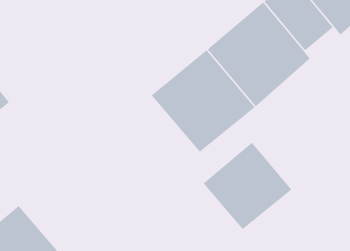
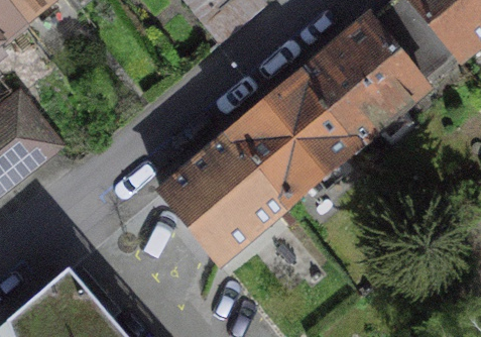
building: none -> [160,134,289,262]
building: [203,142,292,230] -> none

